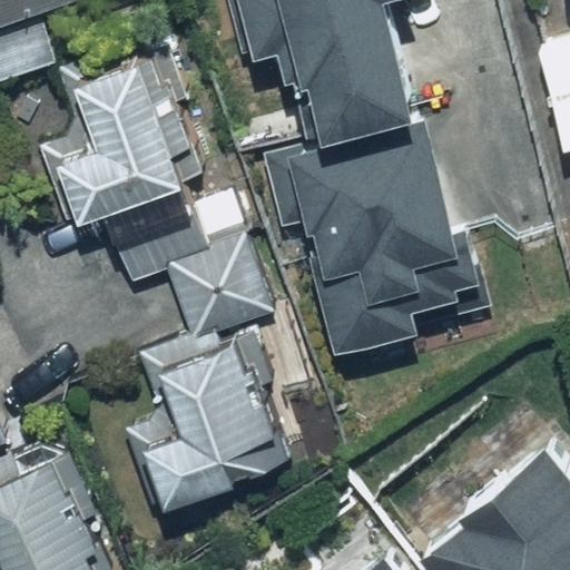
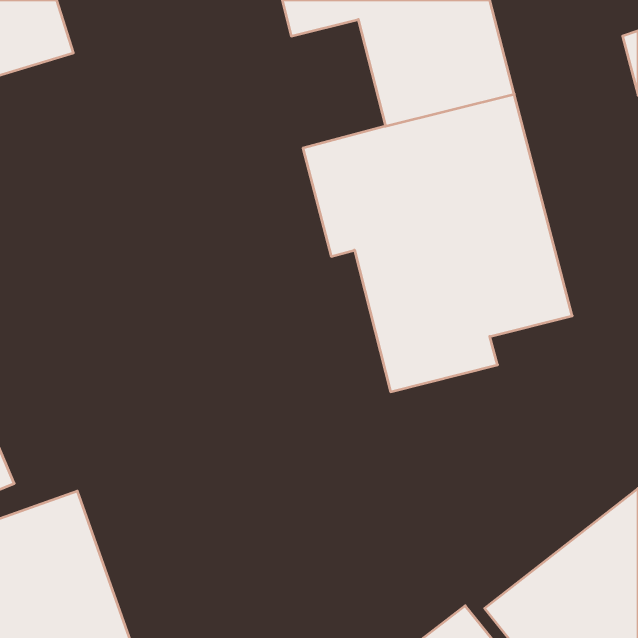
building: [37,52,242,258] -> none
building: [146,233,285,464] -> none

